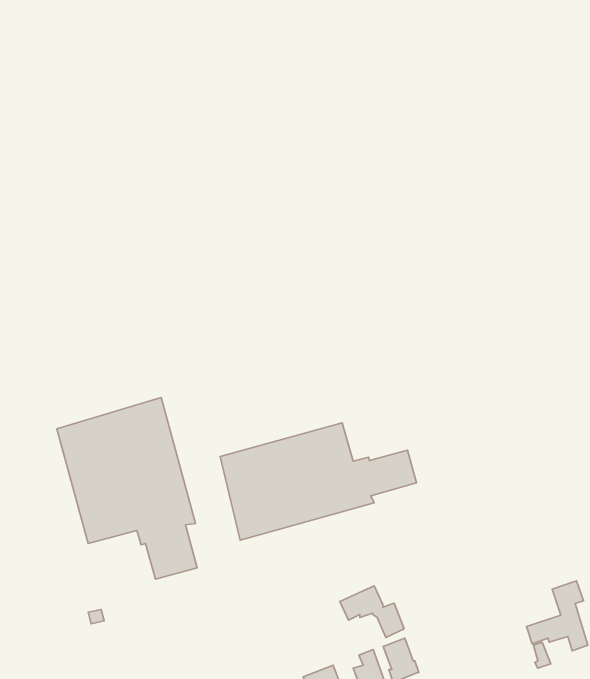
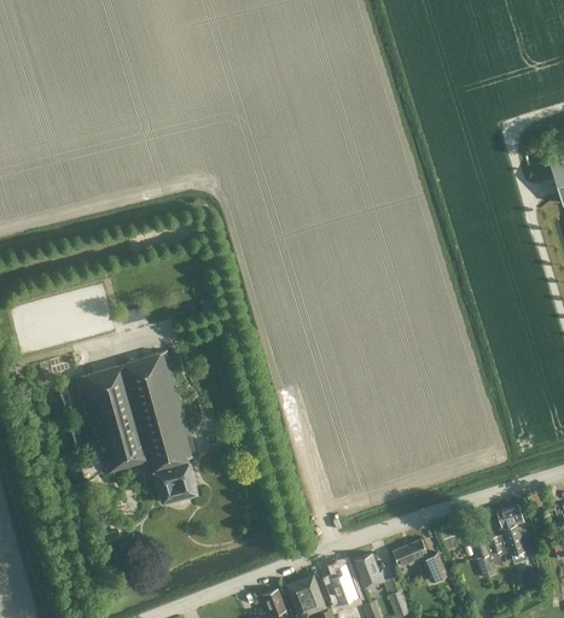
building: [220,423,417,540] -> none
building: [340,586,404,637] -> [393,538,447,582]

